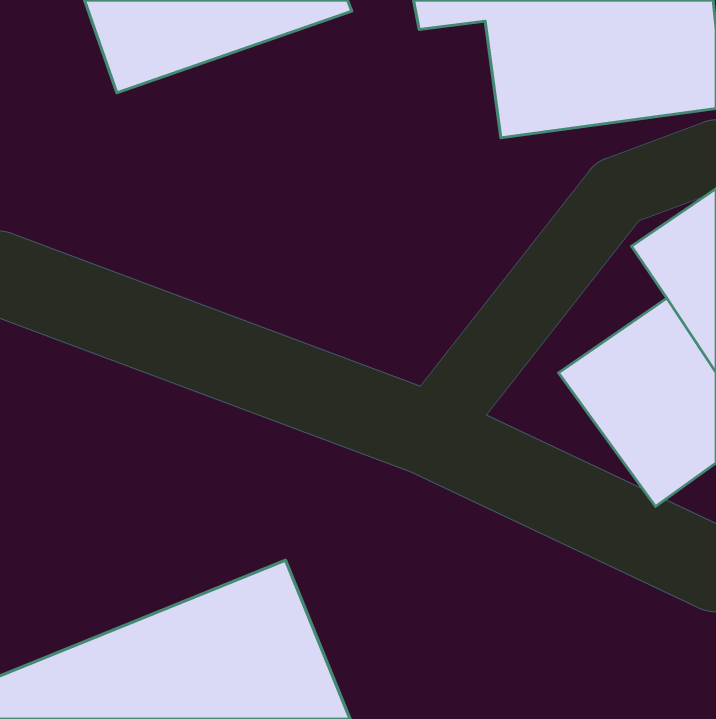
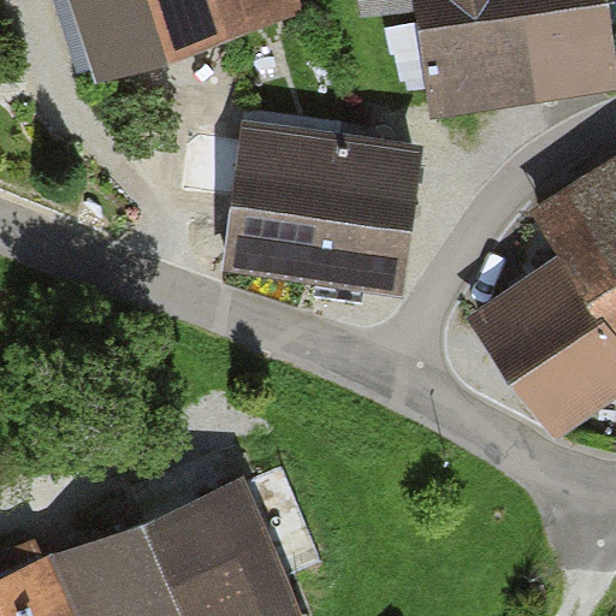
building: none -> [223,122,421,292]

